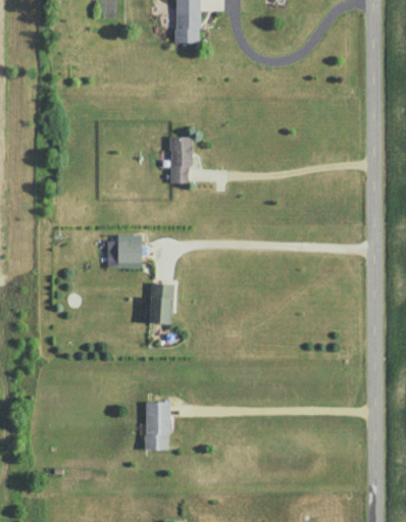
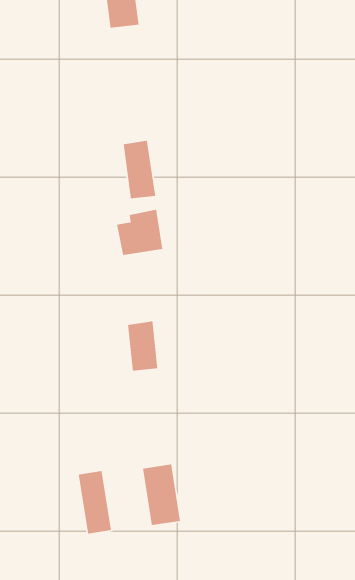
building: [107,233,142,267] -> [116,209,163,256]
building: none -> [78,470,112,534]

